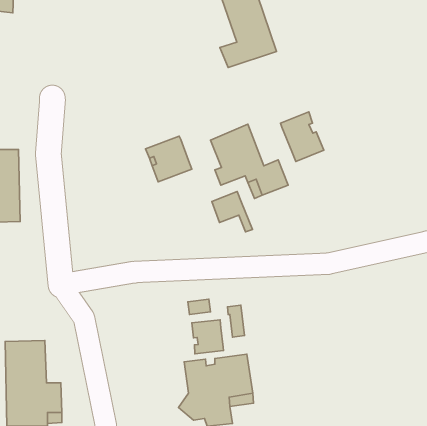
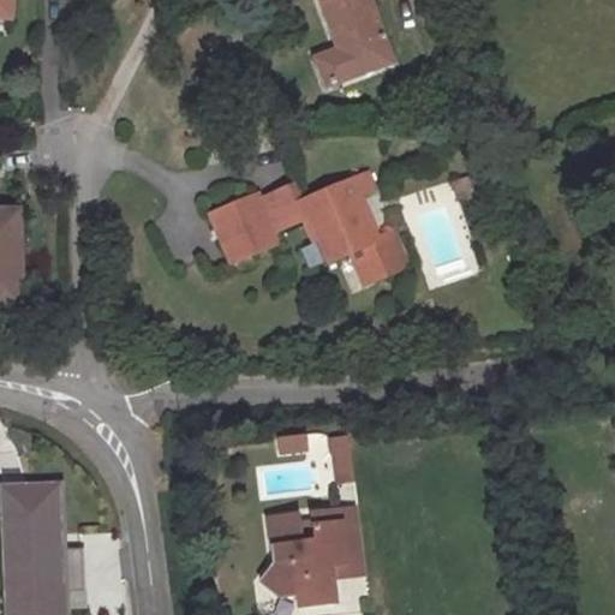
building: [281,112,324,162] -> none
building: [212,191,252,232] -> [257,184,315,241]
building: [192,320,223,354] -> none

